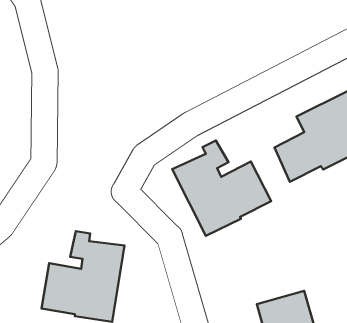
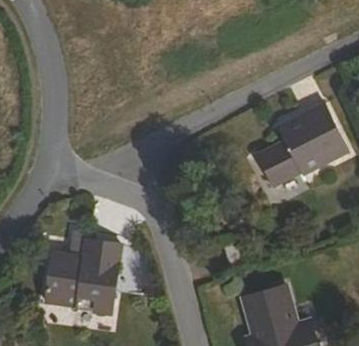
building: [172,140,271,236] -> none

